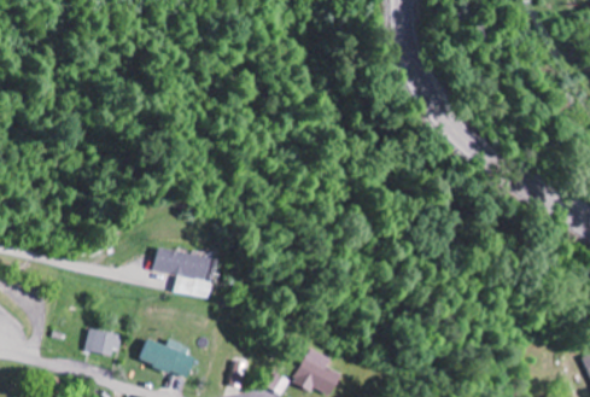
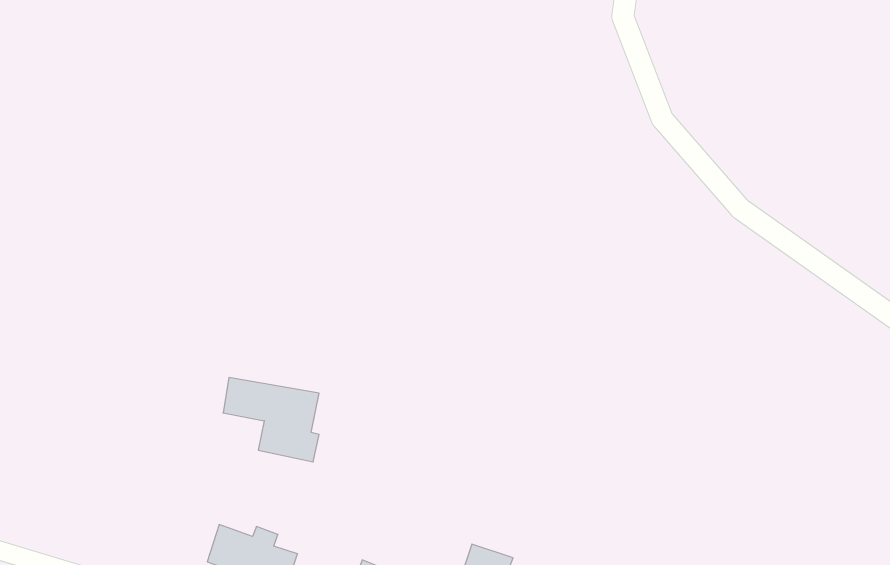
building: [86,329,119,355] -> none

